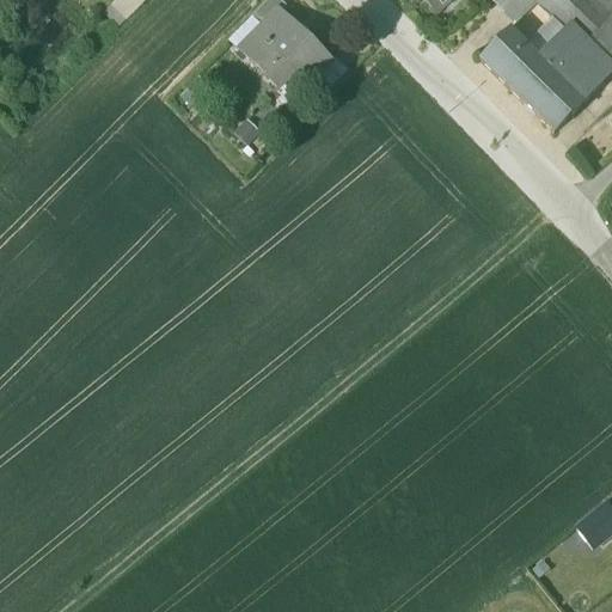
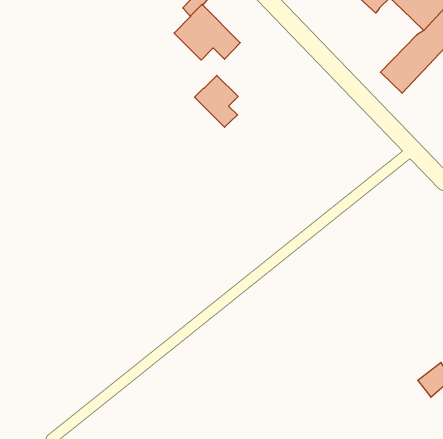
building: [481,13,585,99] -> none
building: none -> [195,75,238,127]

